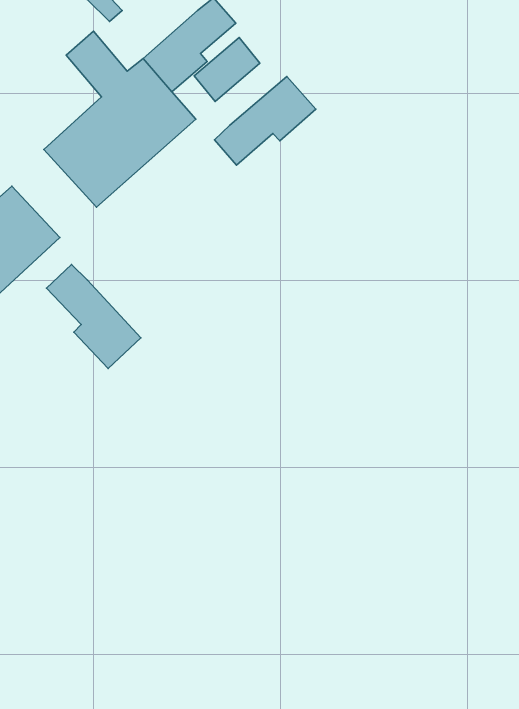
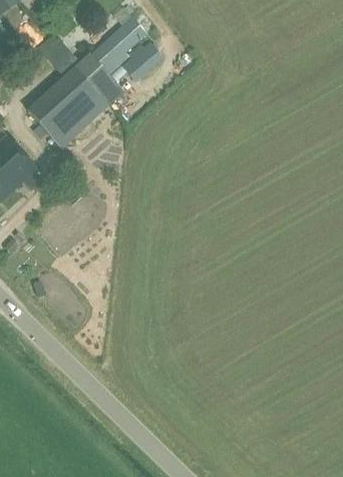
building: [215,76,316,165] -> none
building: [47,265,141,369] -> none

